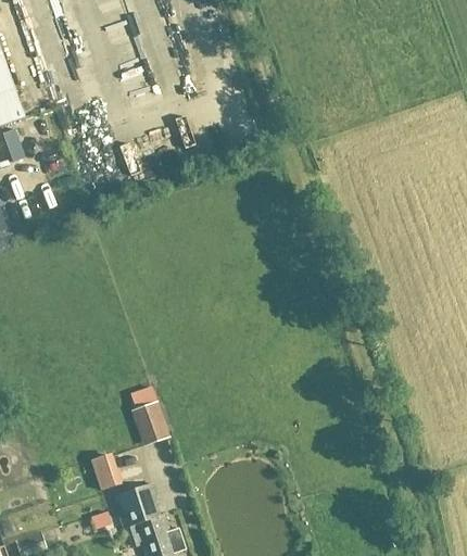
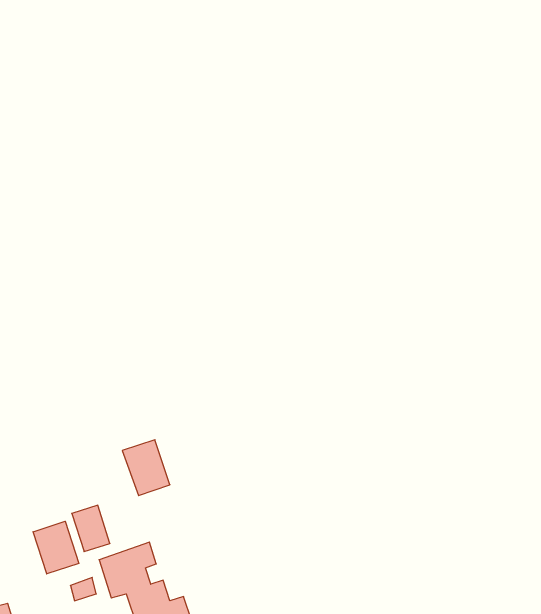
building: none -> [33,521,79,574]

